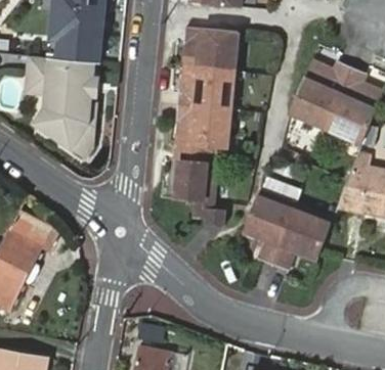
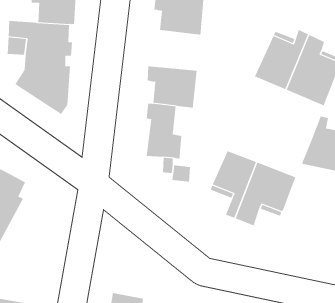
building: [176,66,233,109] -> none

